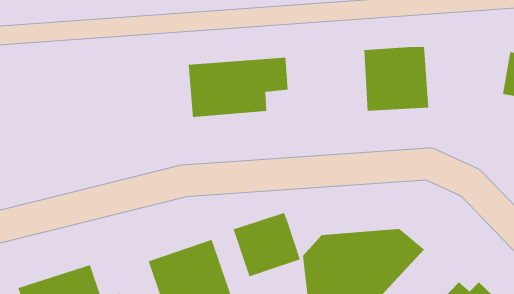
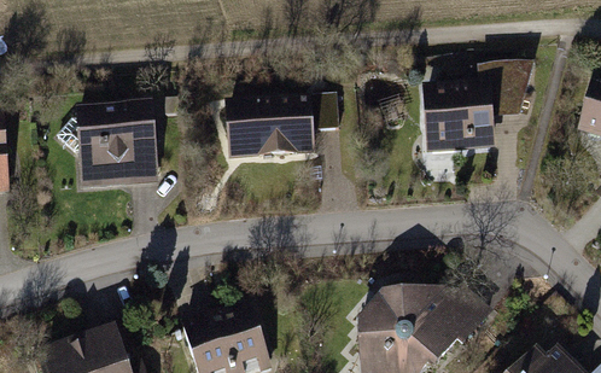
building: none -> [479,62,537,113]
building: none -> [74,97,157,185]
building: [233,212,300,277] -> none

